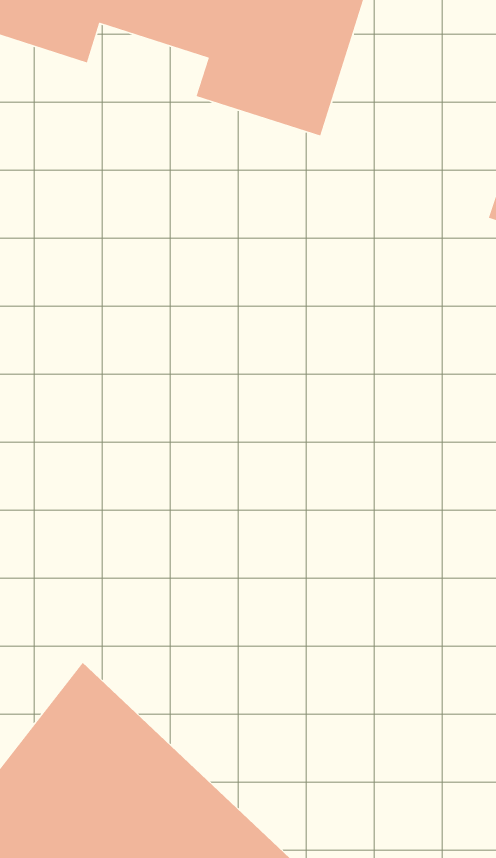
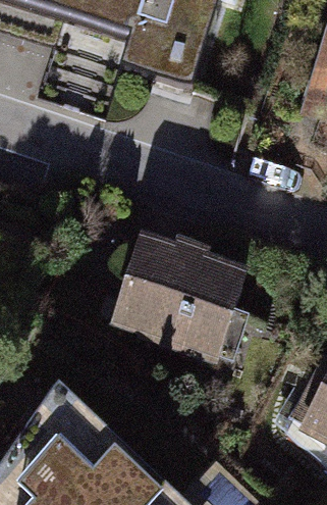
building: none -> [118,241,242,346]

